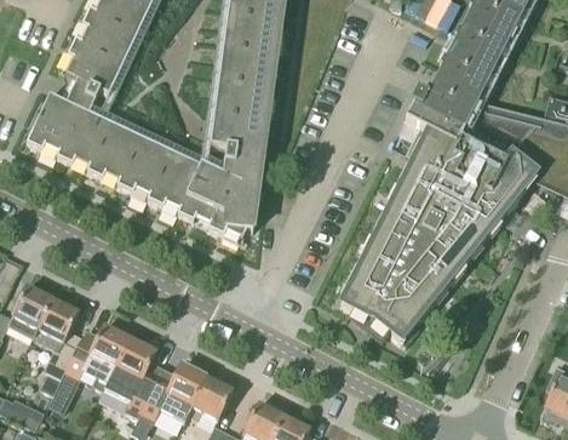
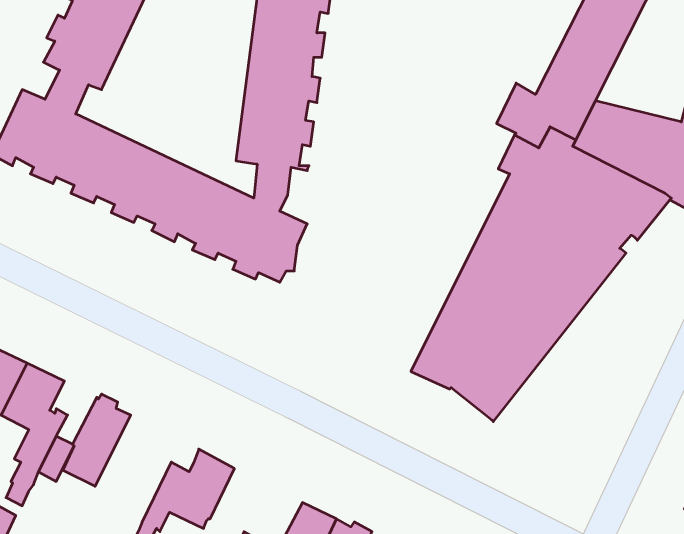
building: [101,336,161,416] -> none
building: [190,376,234,418] -> none

